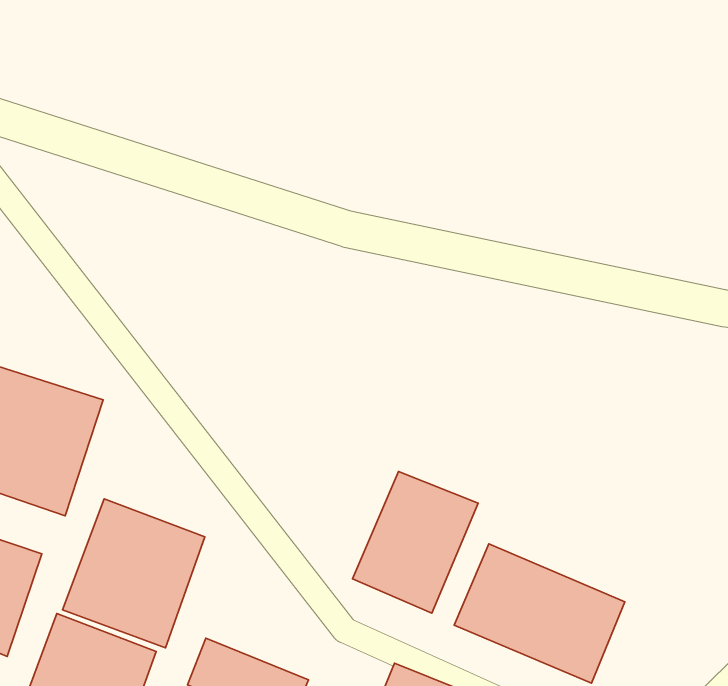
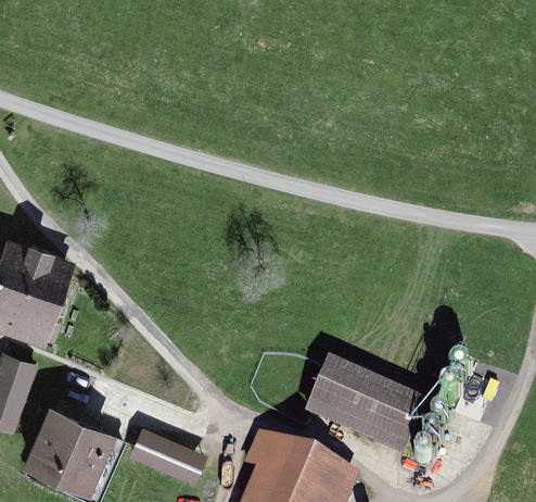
building: [352,471,478,613] -> none
building: [62,499,205,648] -> none

